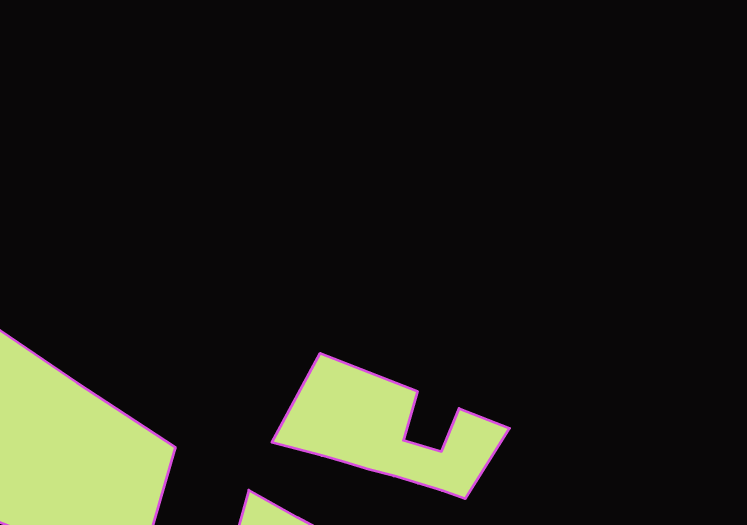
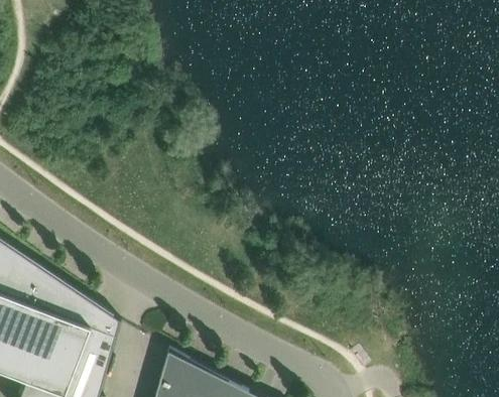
building: [272,353,510,499] -> none

